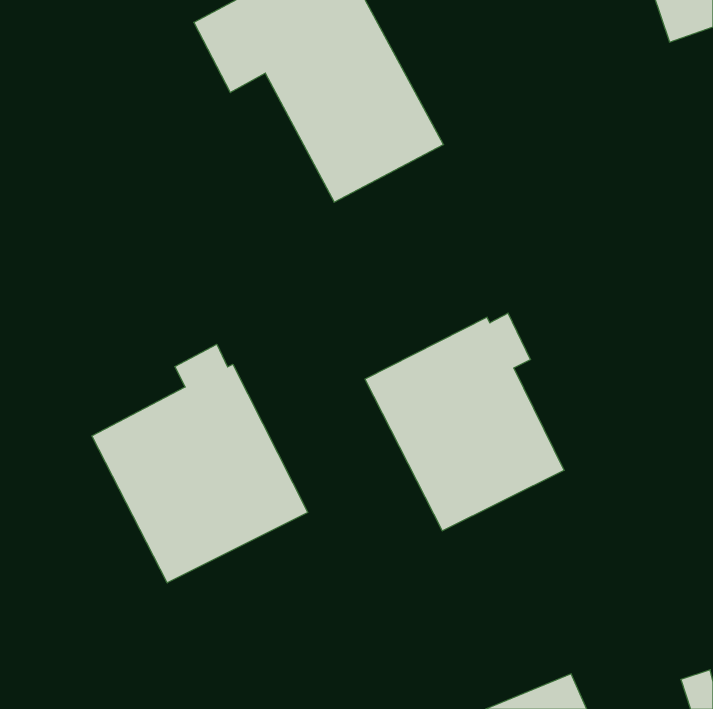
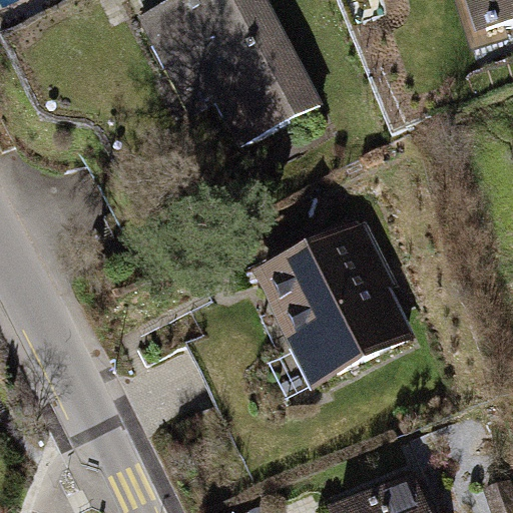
building: [92,344,308,583] -> none

